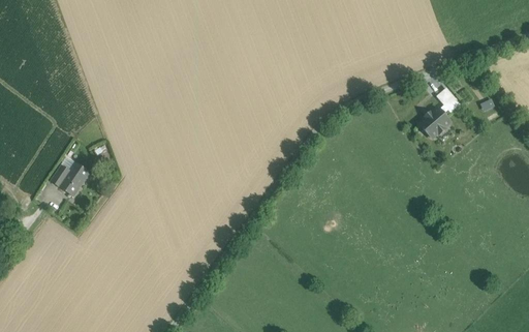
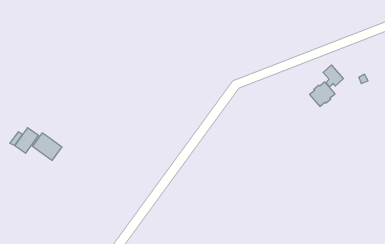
building: none -> [32,133,62,160]

